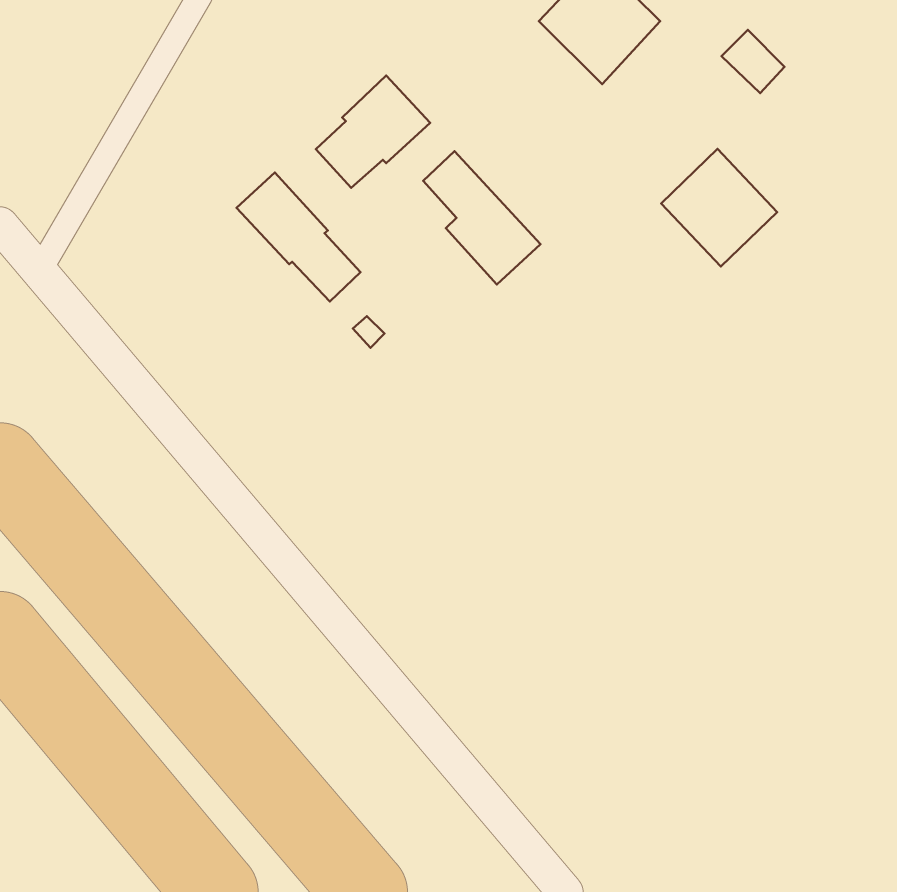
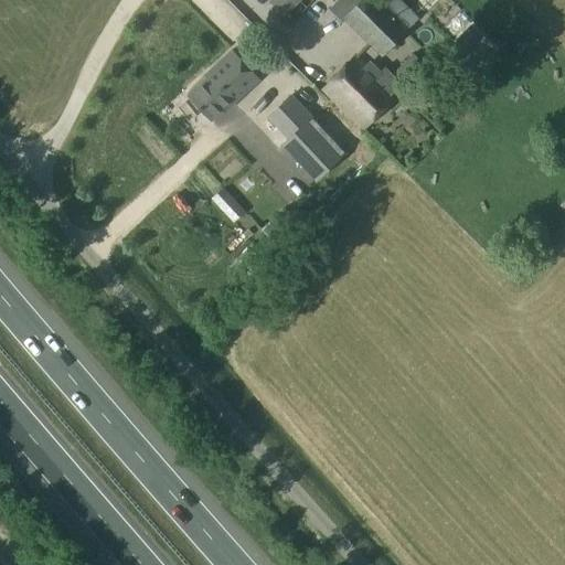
building: [661,149,777,267] -> [321,55,394,129]
building: [237,172,360,301] -> none

